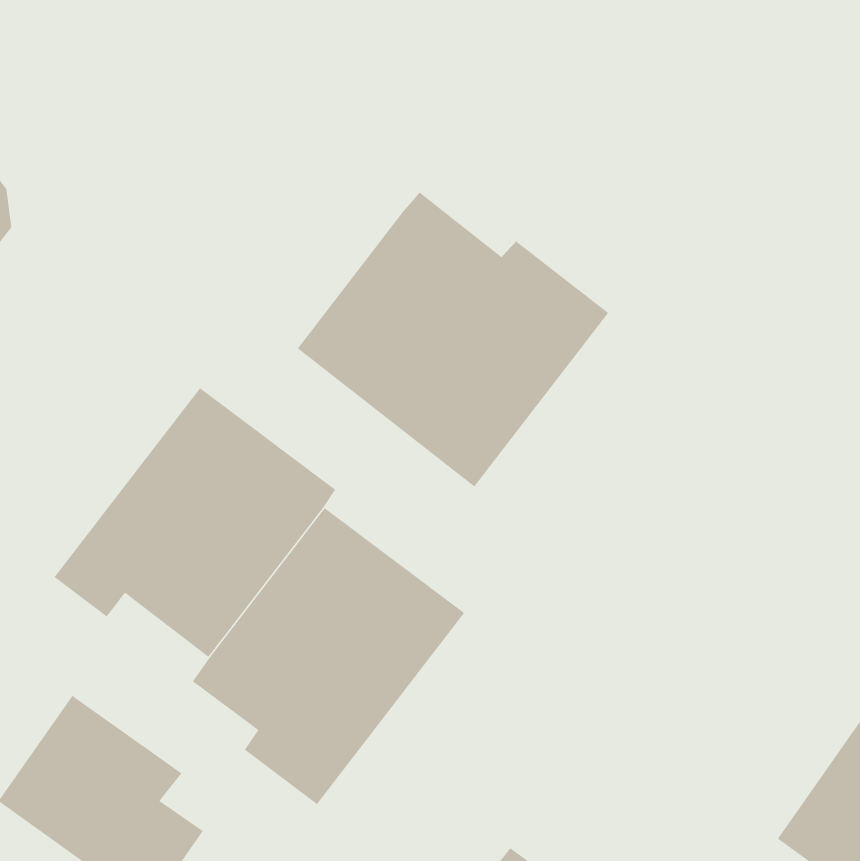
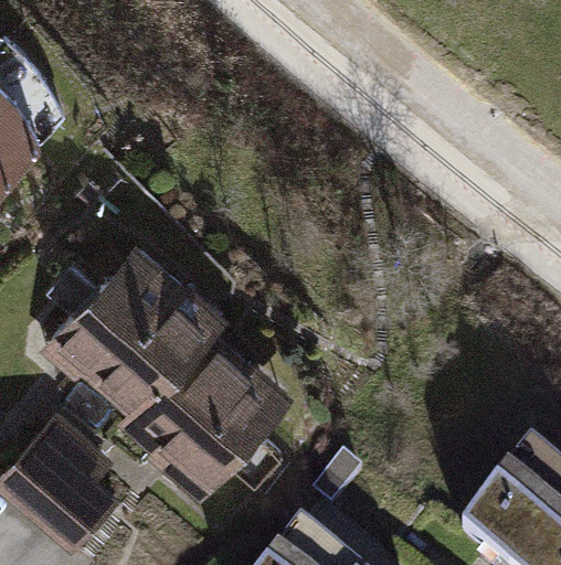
building: [297,192,609,487] -> none

